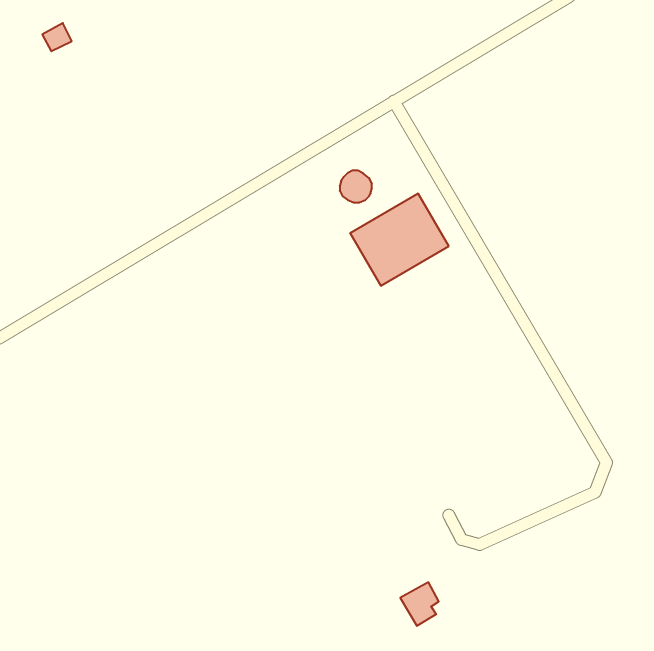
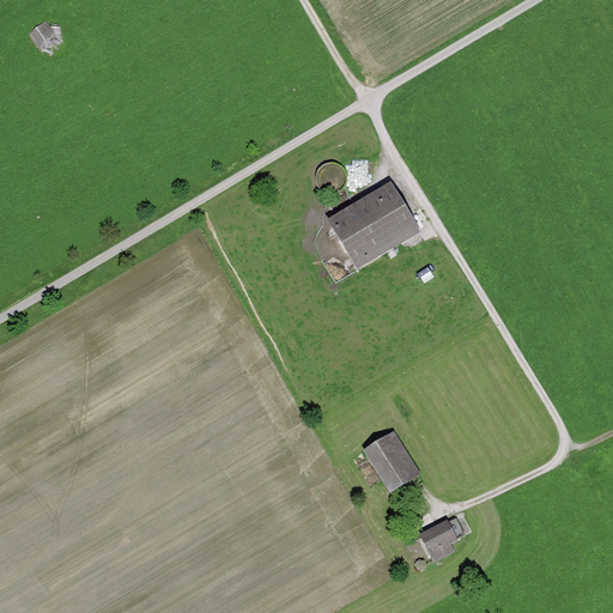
building: none -> [364,429,420,490]
building: [400,582,439,626] -> [420,520,456,560]

